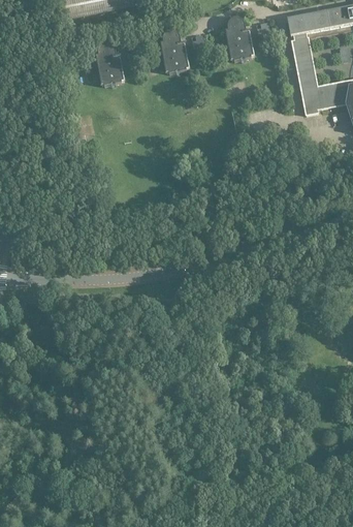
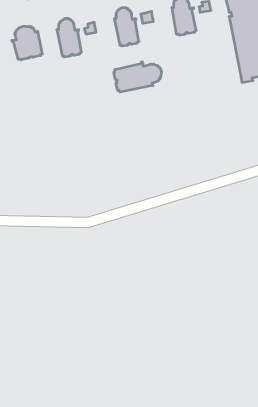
building: none -> [12,26,42,60]
building: none -> [114,62,161,92]

